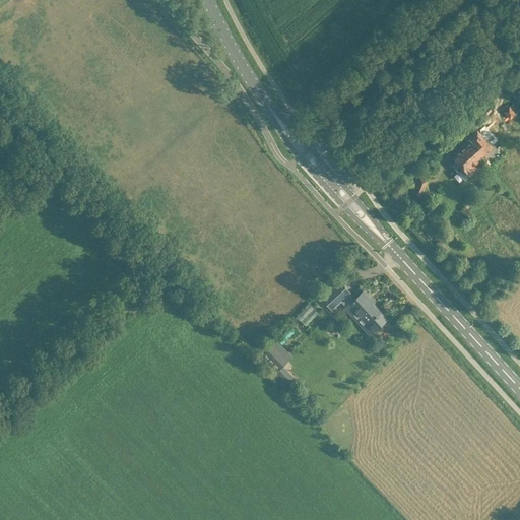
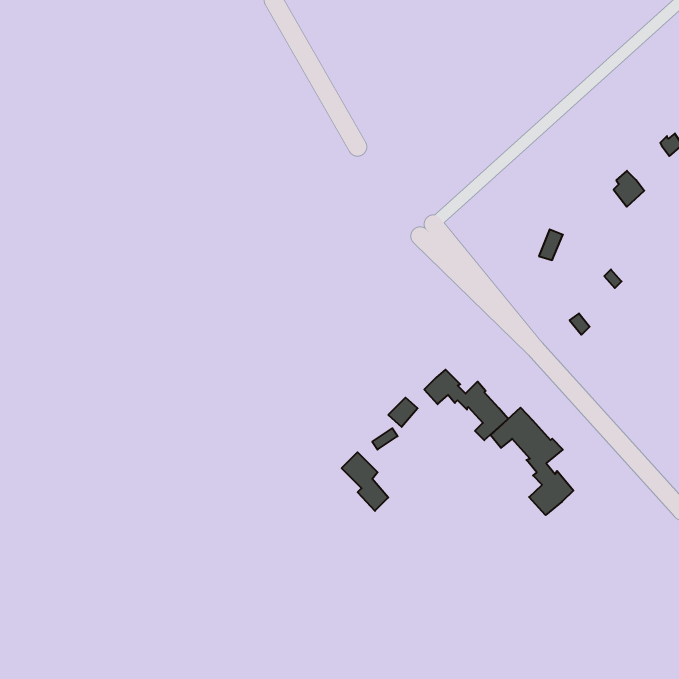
building: [455,146,479,181] -> none
building: none -> [491,408,573,515]

